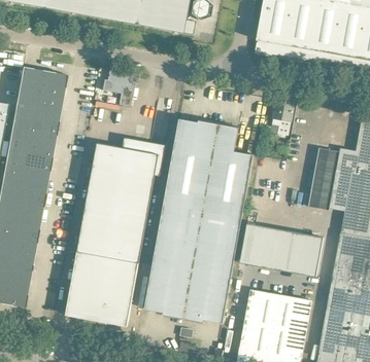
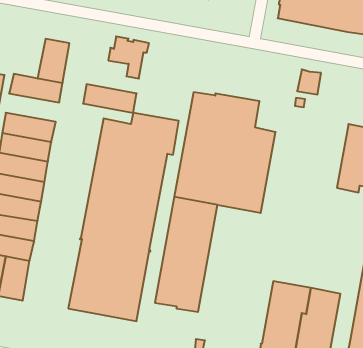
building: [15,66,44,106] -> none
building: [8,119,57,145] -> [83,84,137,113]
building: [182,220,239,322] -> none
building: [239,222,323,276] -> none

